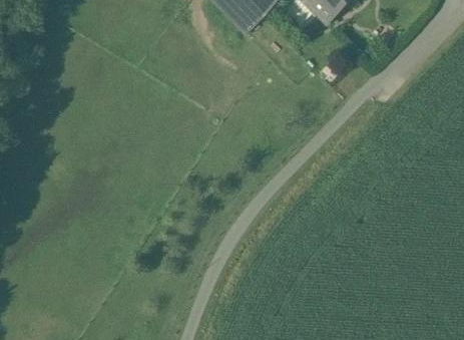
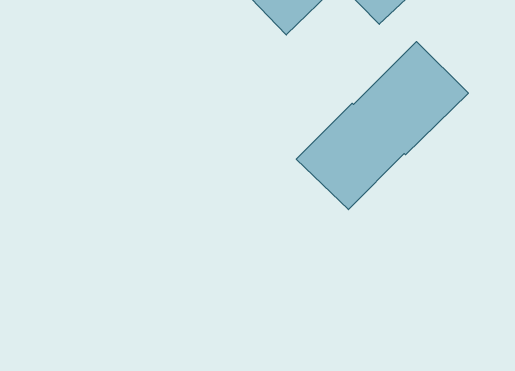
building: none -> [296,42,468,210]

